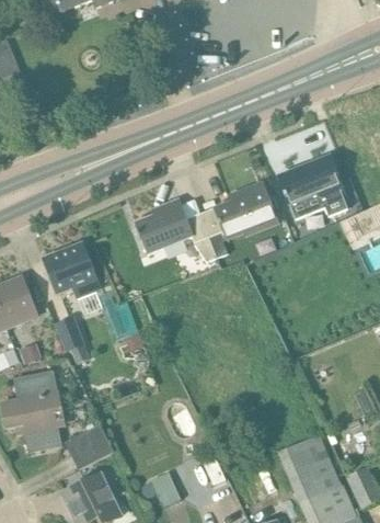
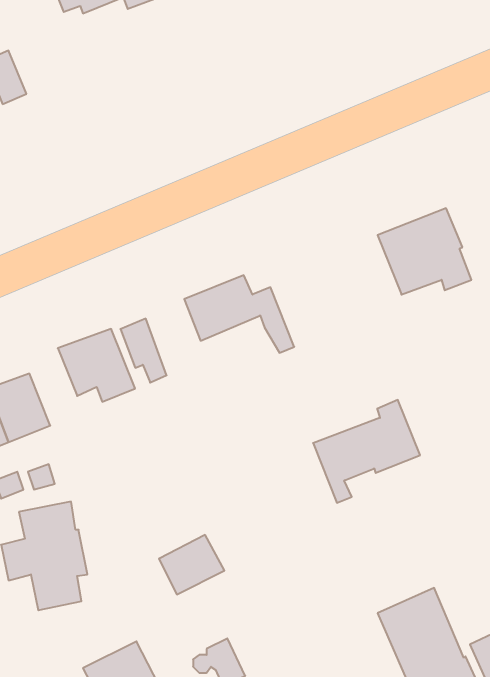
building: [199,181,278,257] -> [313,400,420,503]
building: [55,316,89,363] -> [120,319,167,383]
building: [65,424,113,468] -> [159,535,224,594]

